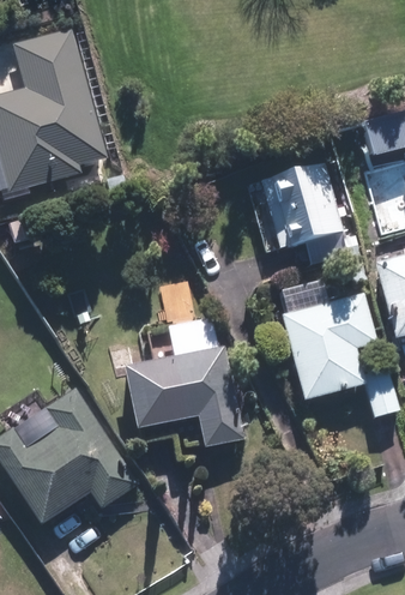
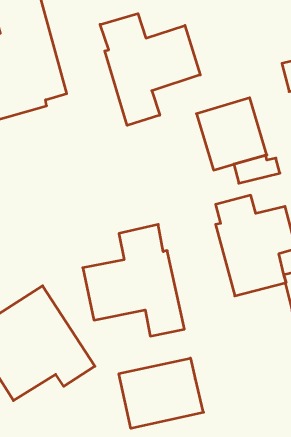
building: none -> [100,14,200,125]
building: none -> [119,358,204,428]

